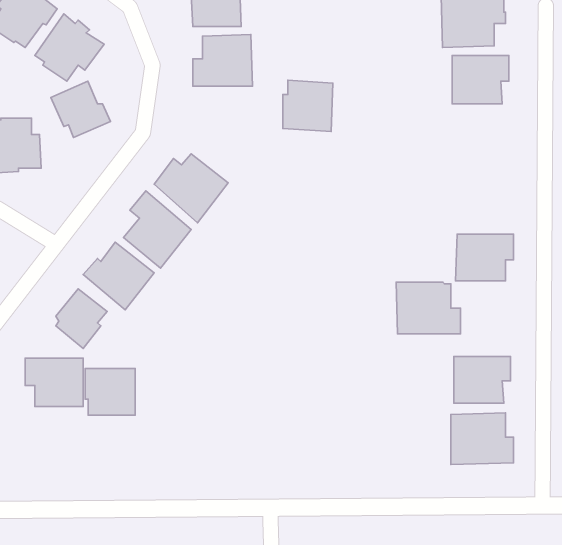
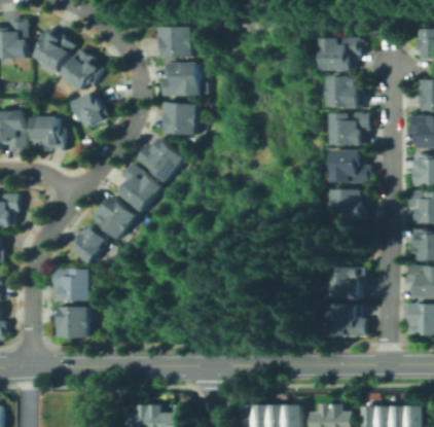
building: [283,80,333,132] -> [164,103,195,136]
building: none -> [329,112,368,145]
building: [396,282,461,334] -> [328,150,369,183]
building: [85,369,135,415] -> [56,308,87,337]

